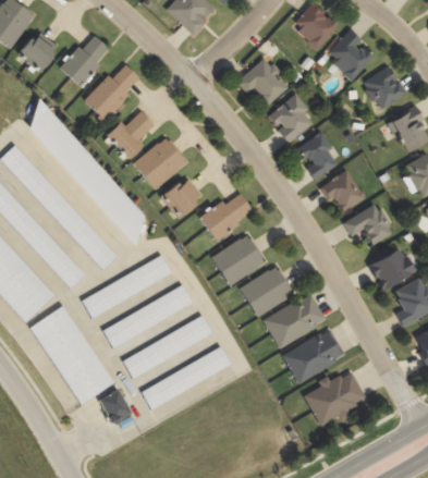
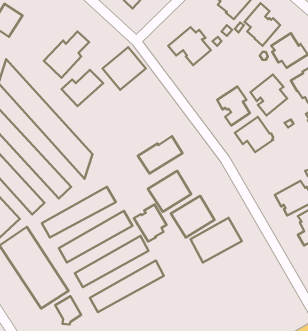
building: [60,35,109,86] -> none
building: [268,94,313,144] -> [251,75,287,115]
building: [133,137,186,189] -> [102,47,146,90]
building: [161,179,198,218] -> none
building: [342,204,392,245] -> none
building: none -> [134,205,167,242]
building: [282,329,344,383] -> none
building: [304,370,366,427] -> none

